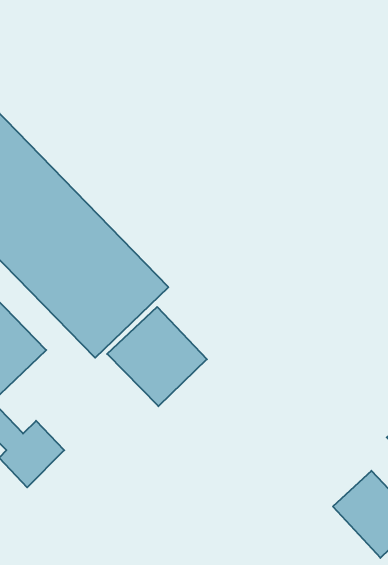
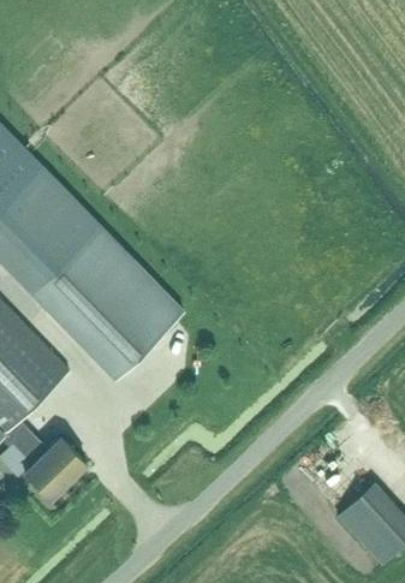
building: [107,307,207,406] -> none

